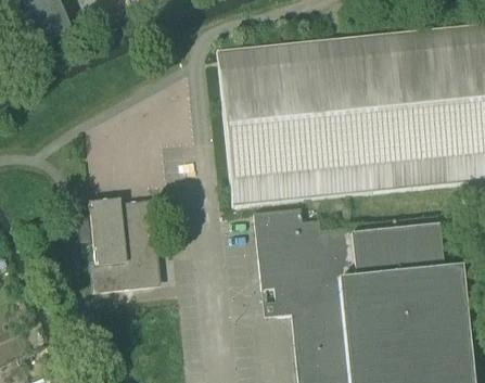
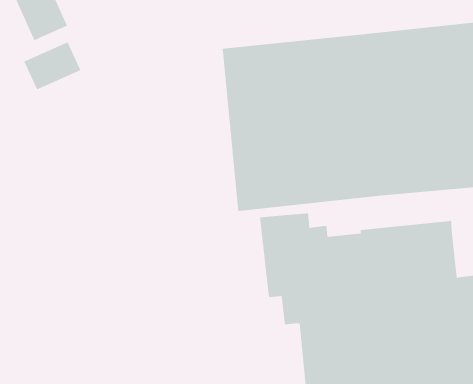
building: none -> [24,41,81,90]
building: [89,197,156,290] -> none

